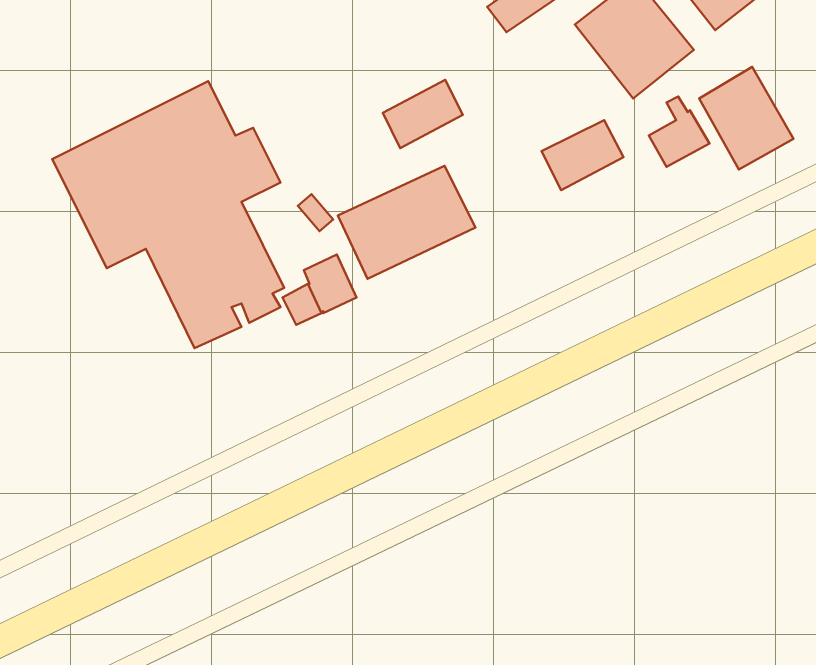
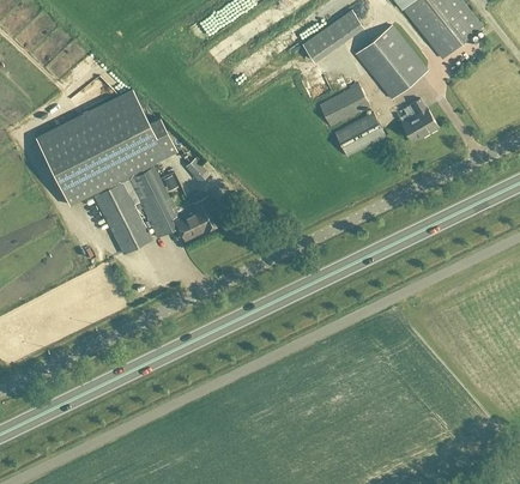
building: [699,67,793,169] -> none
building: [383,80,463,148] -> [319,83,368,125]
building: [338,166,476,279] -> none

